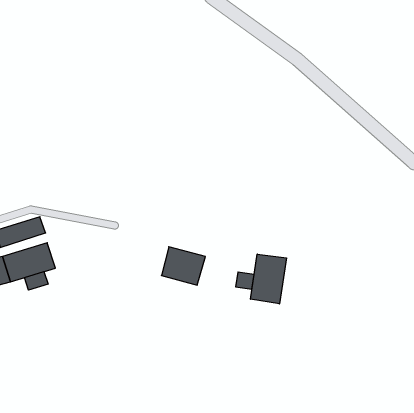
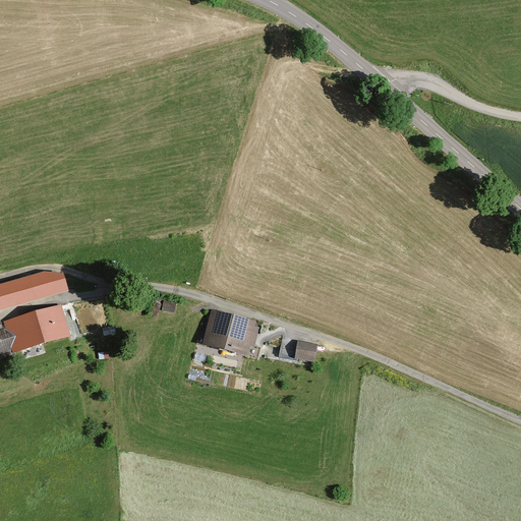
building: [251,254,286,304] -> none
building: [24,272,48,290] -> none

